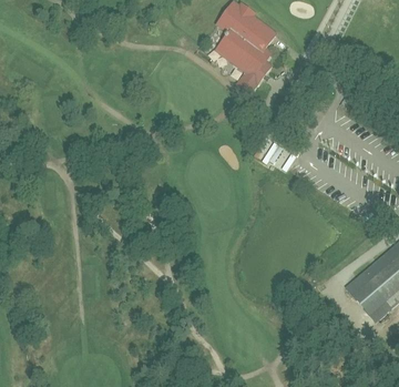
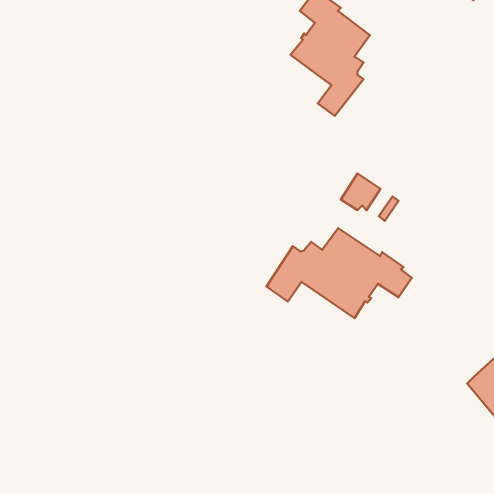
building: none -> [267,228,412,318]

